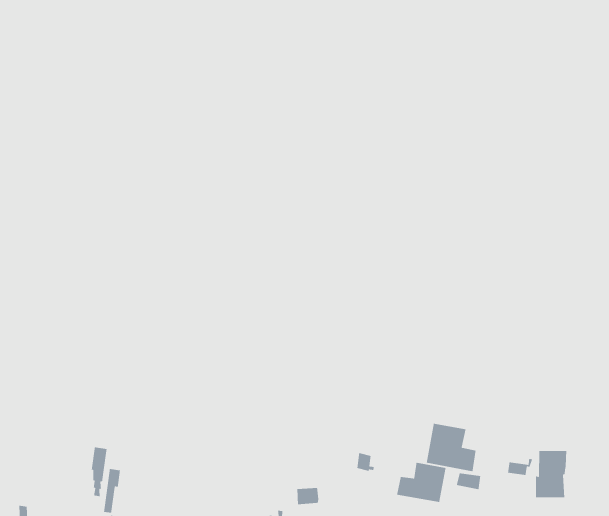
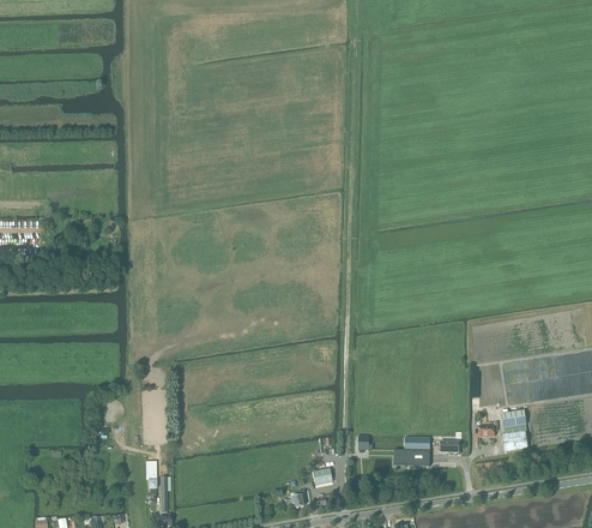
building: [426,423,476,472] -> none

